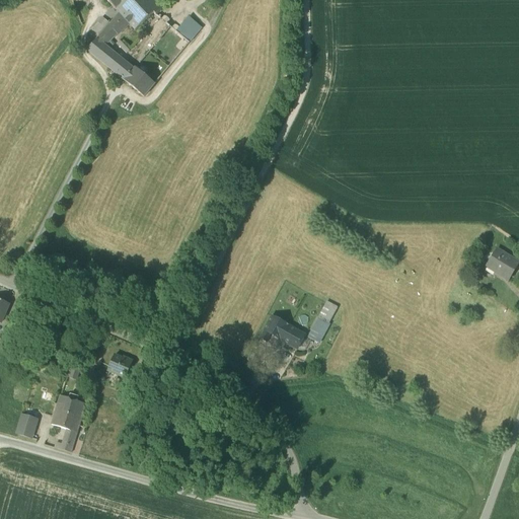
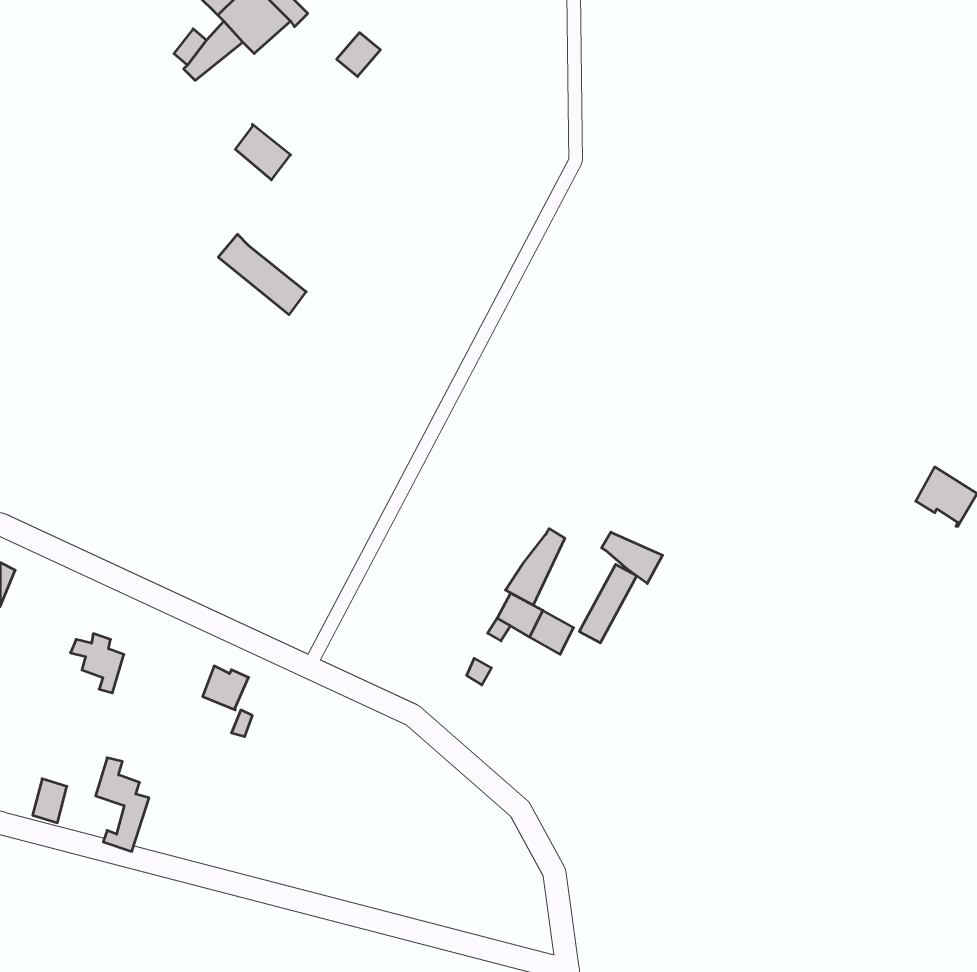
building: [87,36,134,79] -> [218,234,306,315]
building: none -> [505,529,565,605]
building: none -> [602,532,663,584]
building: [57,391,85,423] -> [70,634,124,693]

